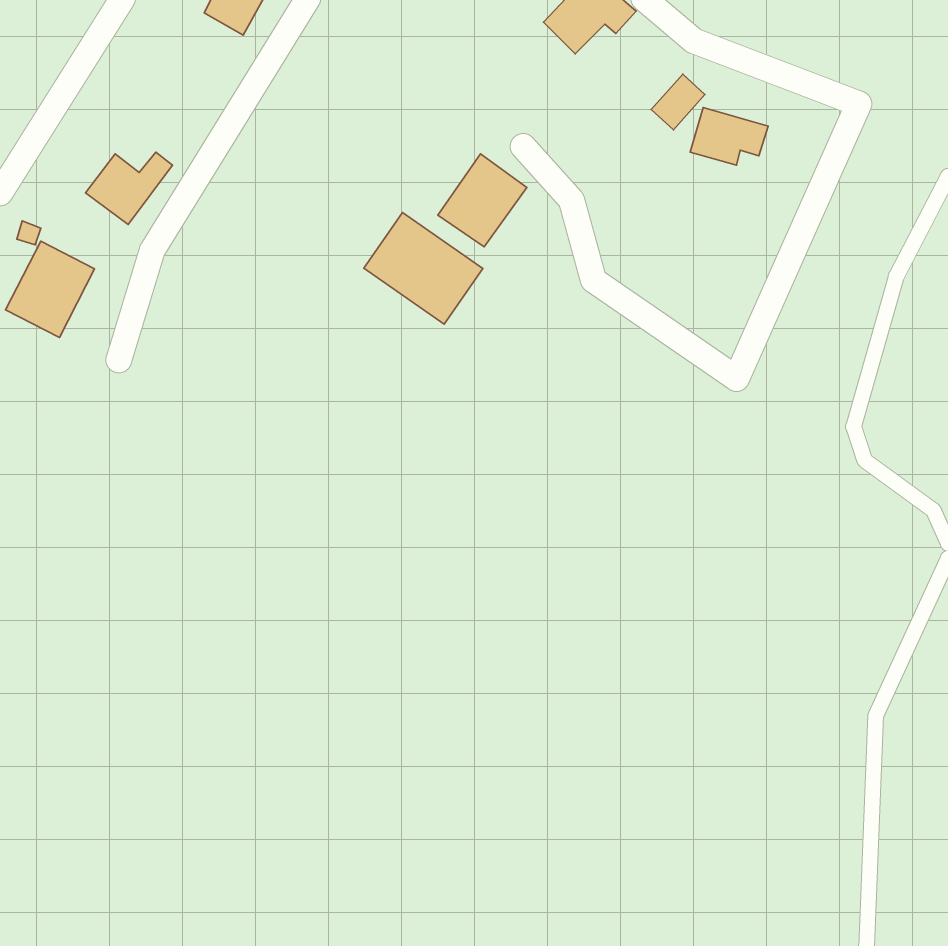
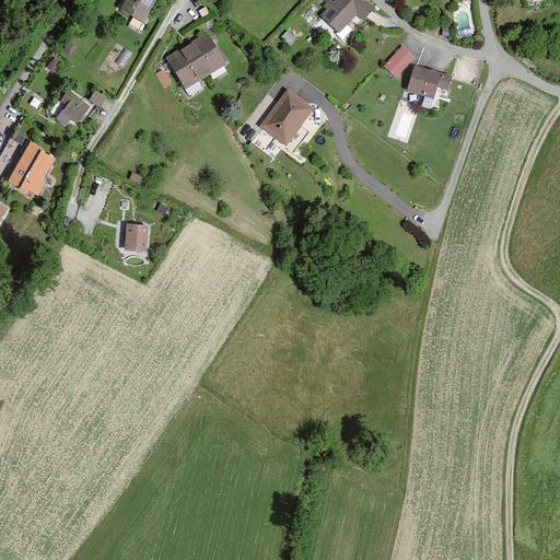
building: none -> [165,32,226,89]
building: [364,213,483,324] -> none
building: none -> [125,223,149,250]

